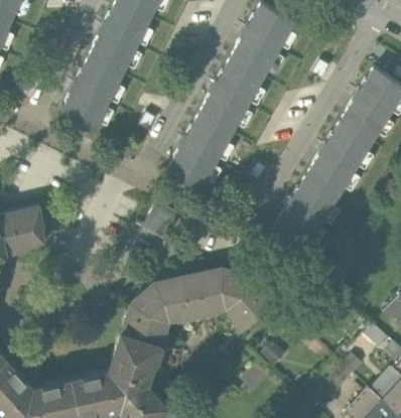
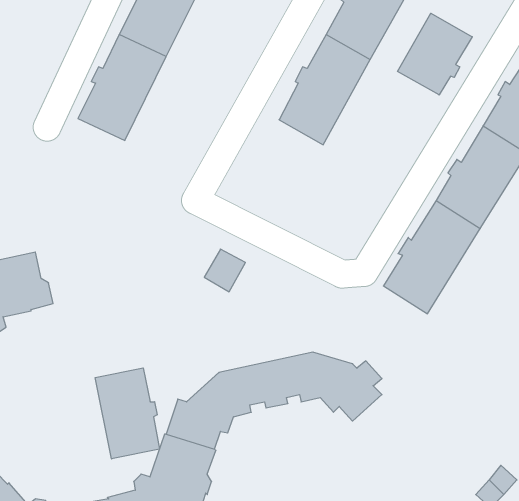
building: none -> [398,13,472,95]
building: [169,118,230,189] -> none
building: none -> [95,368,160,459]

